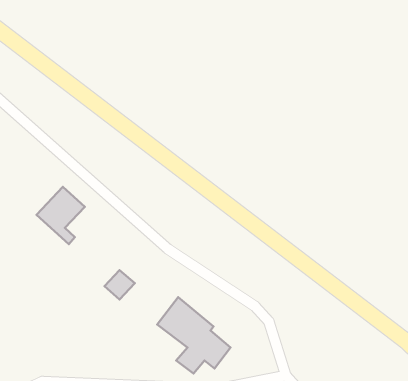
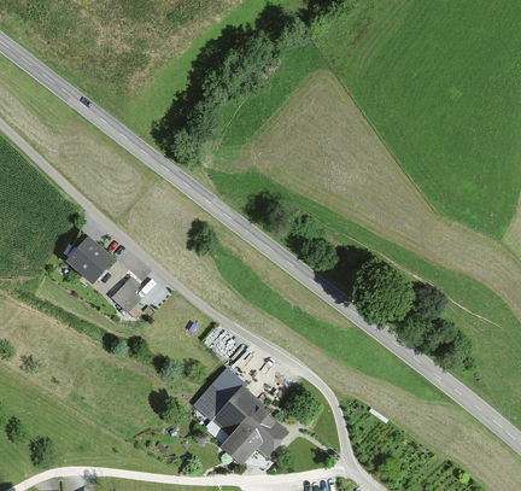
building: [105,270,135,299] -> [111,279,147,314]

